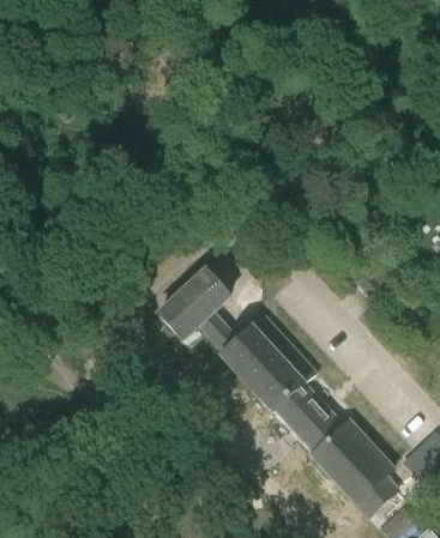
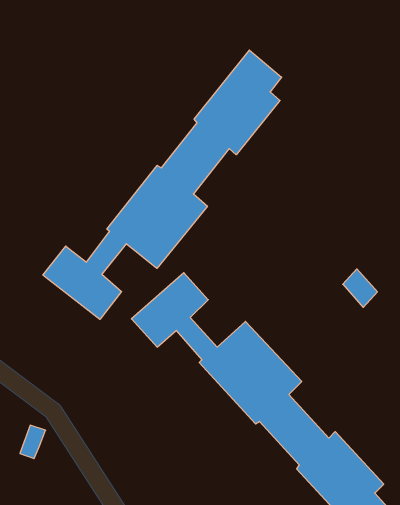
building: none -> [43,50,282,319]

